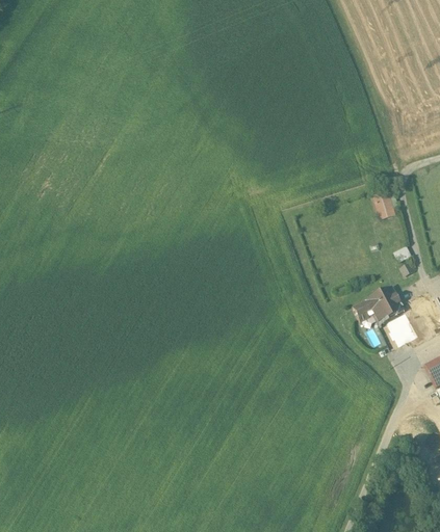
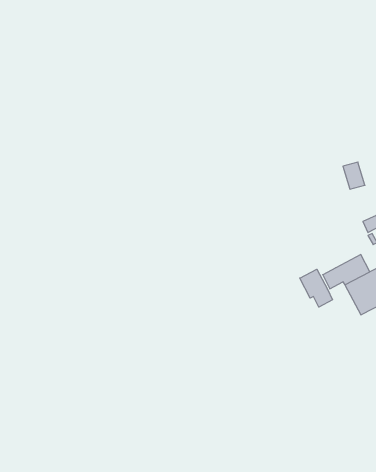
building: none -> [300,269,333,307]

